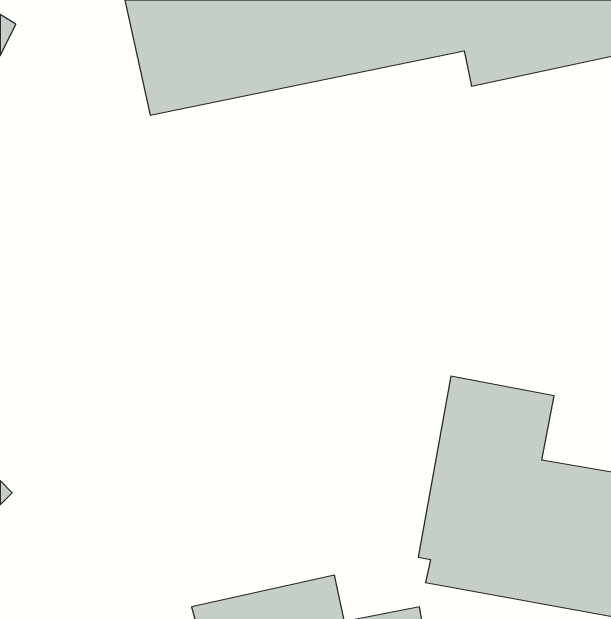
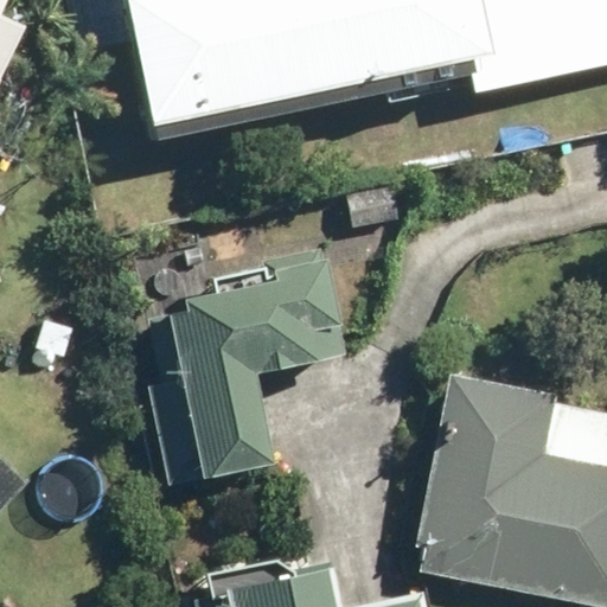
building: none -> [152,271,347,488]

